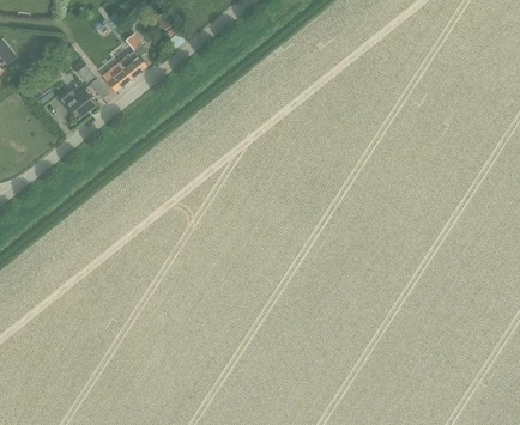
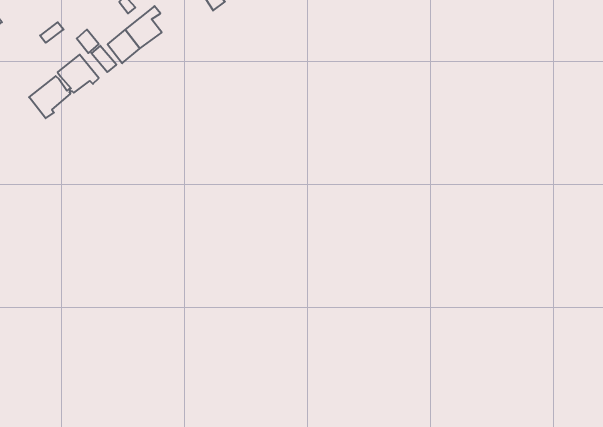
building: none -> [29,76,70,118]

